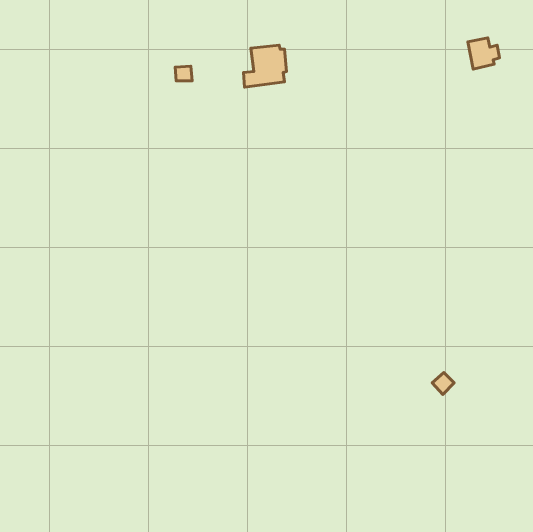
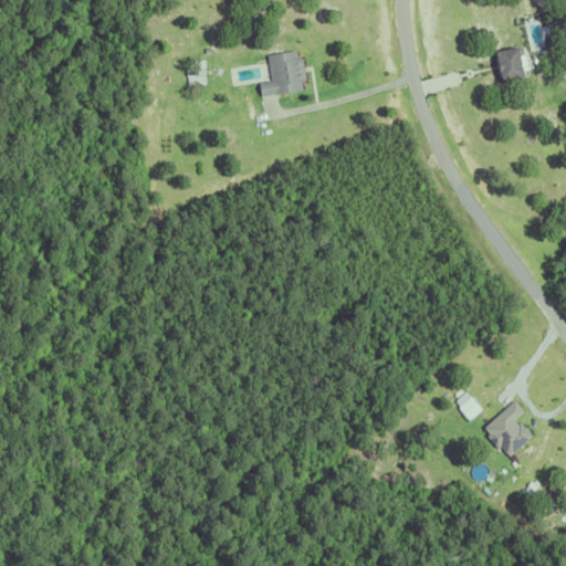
building: none -> [484,400,532,457]

